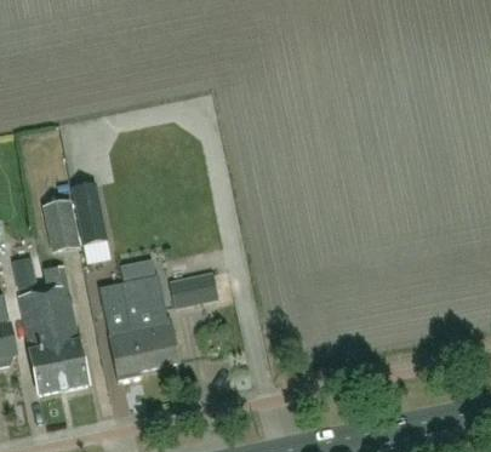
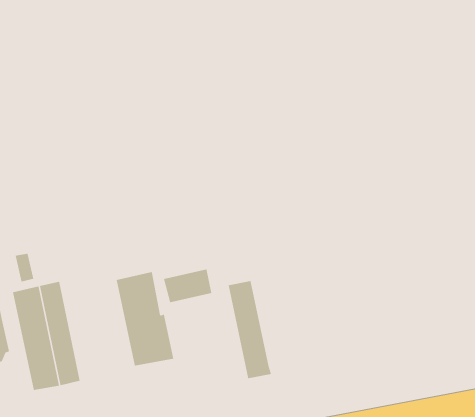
building: [72,182,107,244] -> none
building: [44,201,78,250] -> none
building: [98,282,142,381] -> [228,280,272,379]

